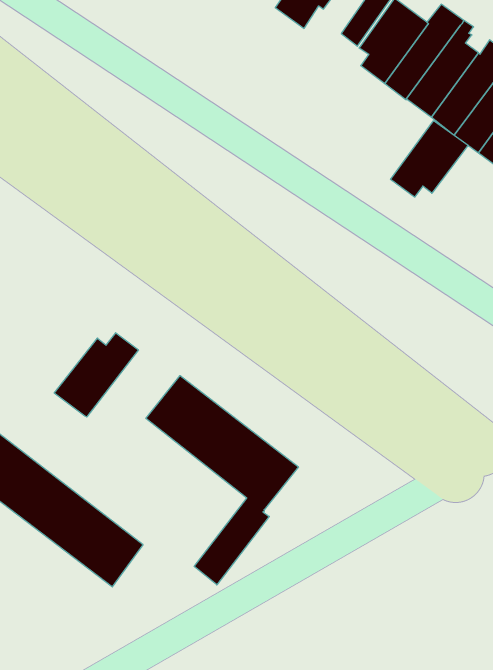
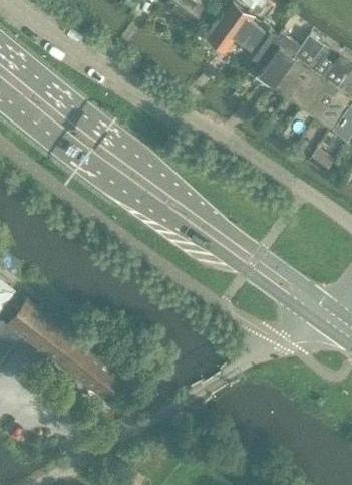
building: [391,121,468,197] -> none
building: [54,333,138,417] -> none
building: [146,376,298,585] -> none

